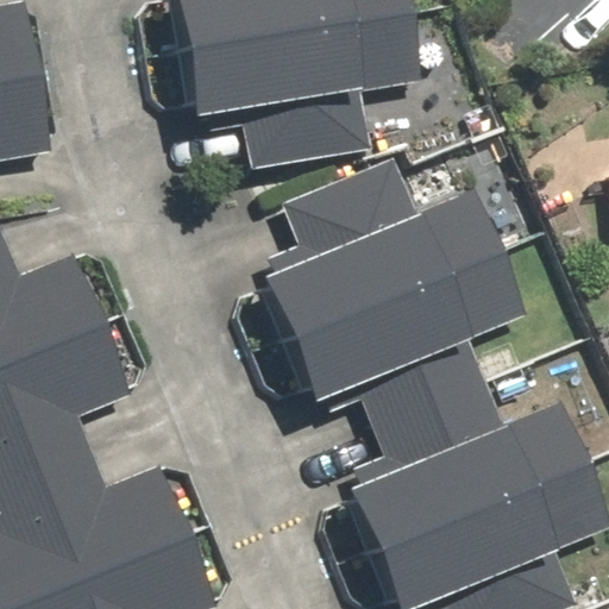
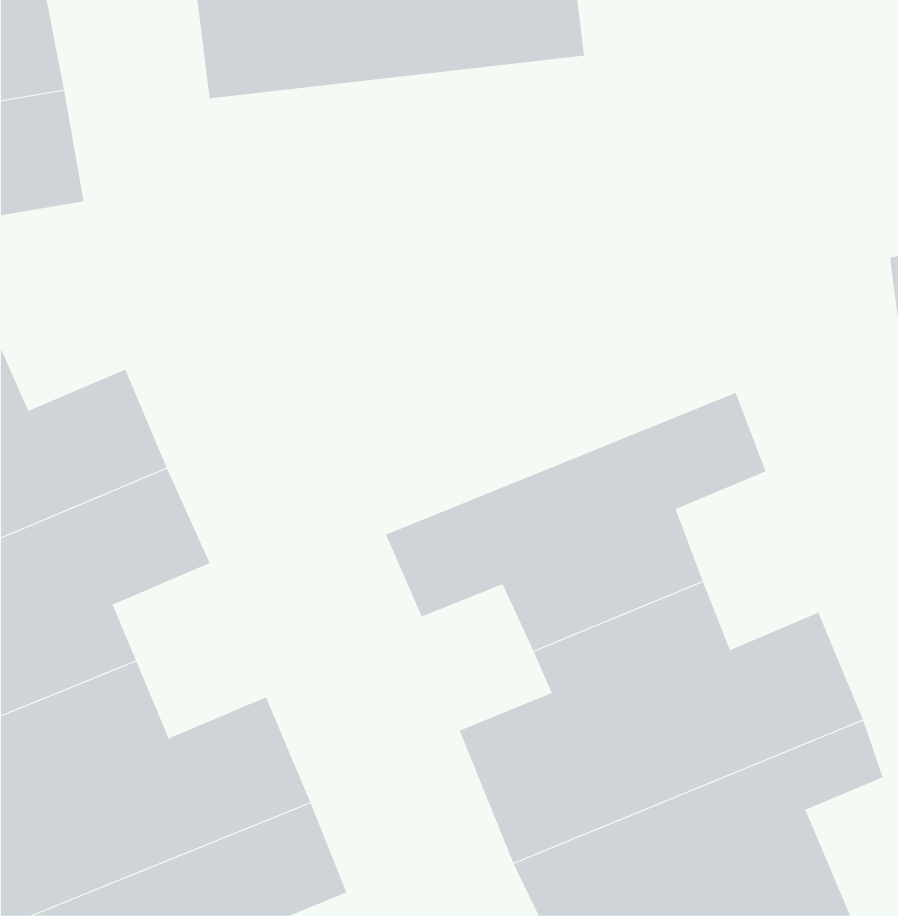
building: [152,37,403,180] -> none
building: [241,168,501,353] -> none

